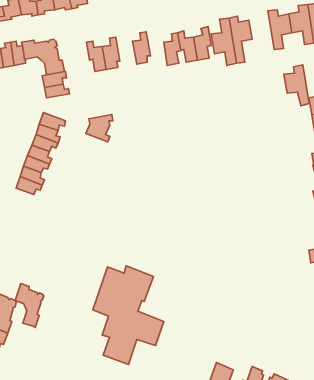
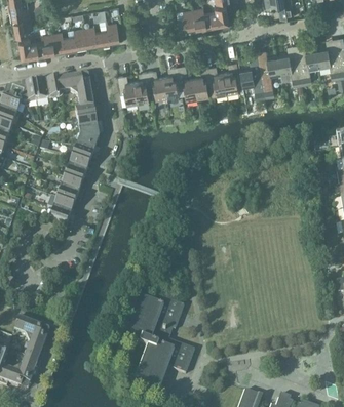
building: none -> [177,64,197,99]
building: none -> [147,69,167,98]
building: [284,65,309,106] -> [277,44,302,84]
building: [86,115,113,142] -> [76,125,103,152]
building: [15,283,44,328] -> none

